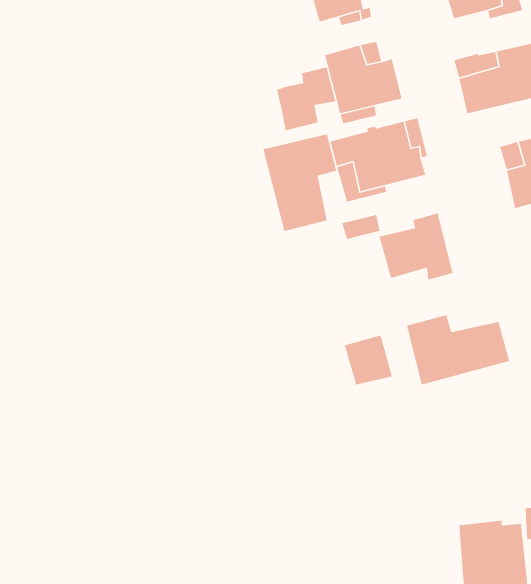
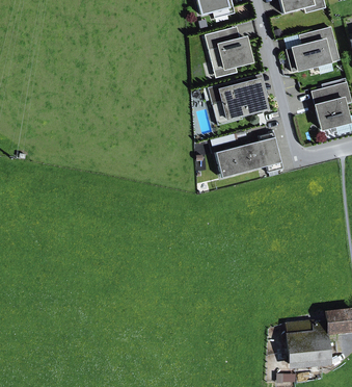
building: [276,66,336,131] -> none
building: [263,133,337,232] -> none
building: [406,314,510,385] -> none
building: [344,334,393,385] -> [215,146,245,177]

